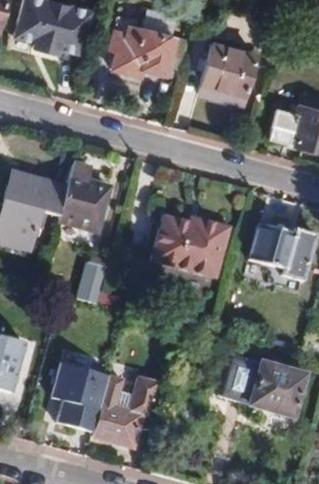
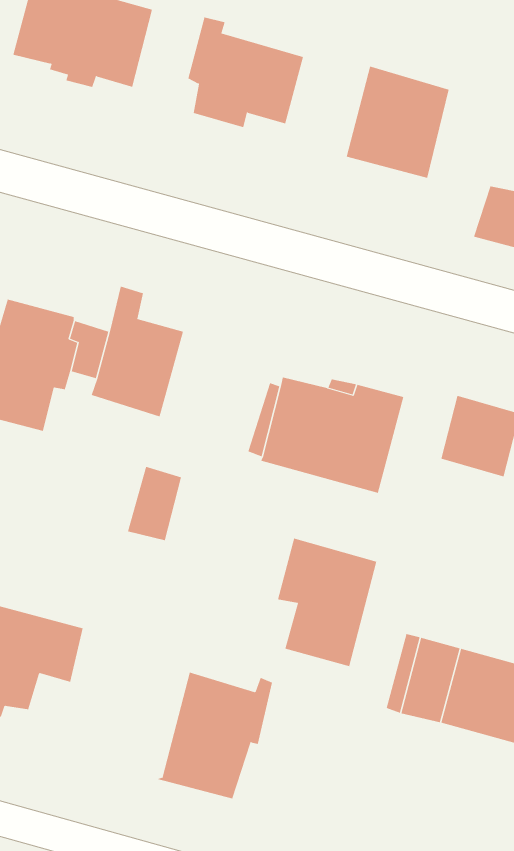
building: [57,363,112,434] -> [277,538,377,667]

